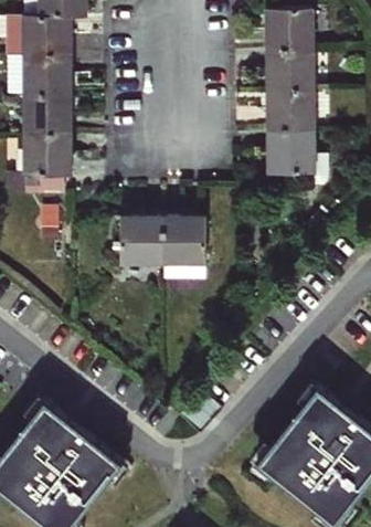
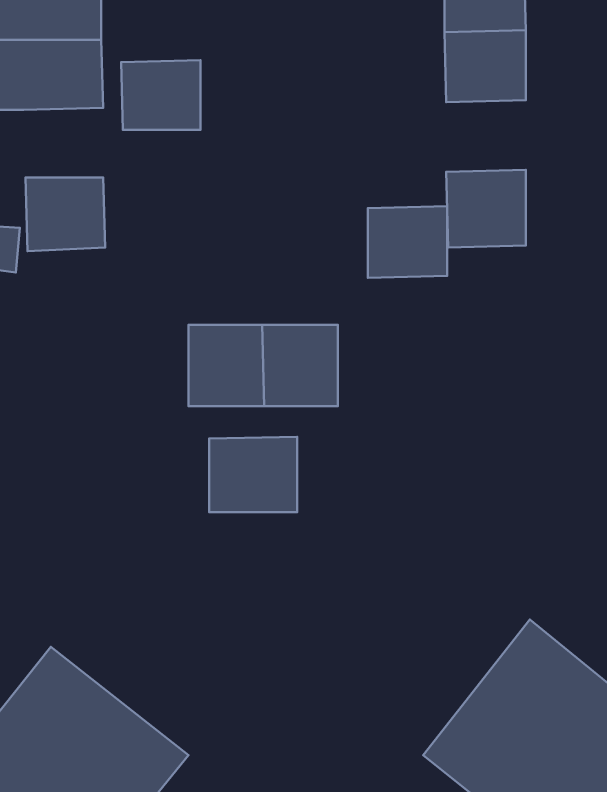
building: [267,91,312,131] -> [368,206,447,278]
building: [26,95,72,135] -> [121,60,201,130]
building: none -> [209,437,297,512]

